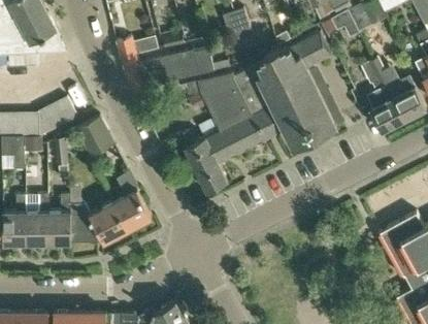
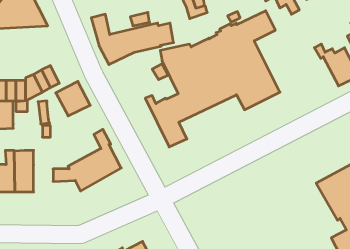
building: [363,58,403,131] -> none
building: [48,195,71,244] -> none

